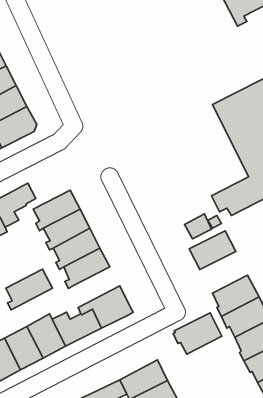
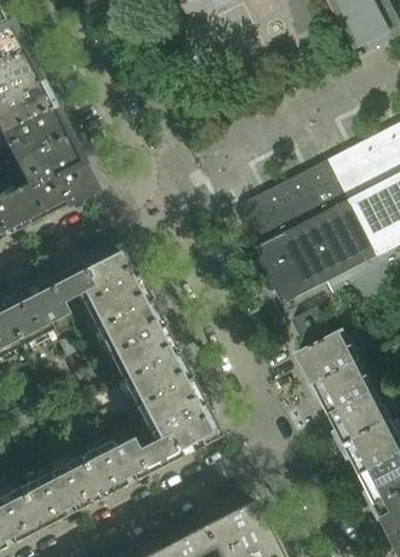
building: none -> [233,157,376,302]
building: none -> [76,242,136,300]
building: [6,269,53,310] -> [139,375,202,430]
building: [173,313,222,354] -> [309,355,375,410]

